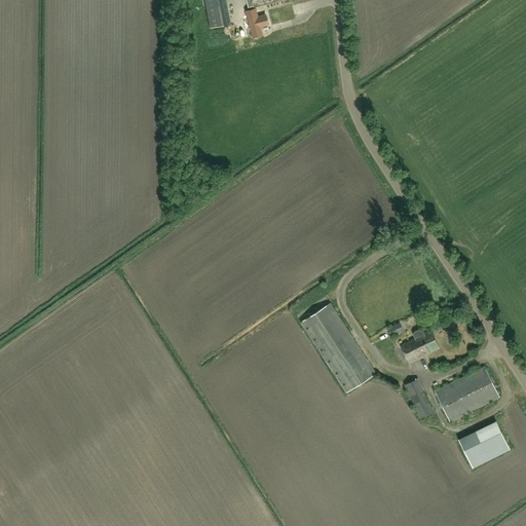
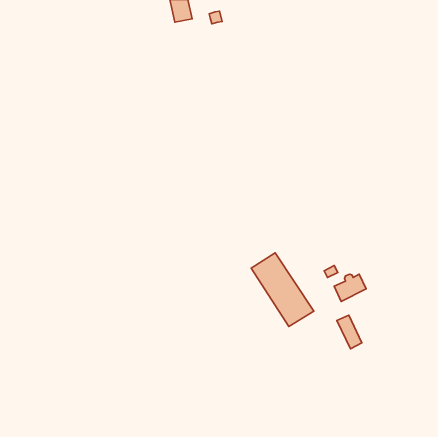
building: [435,367,499,420] -> none
building: [460,424,510,467] -> none

